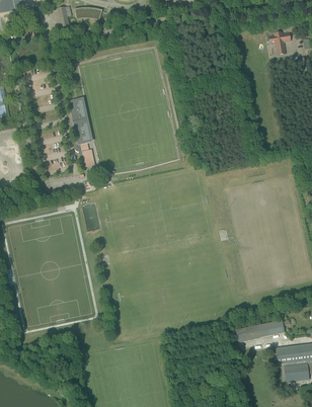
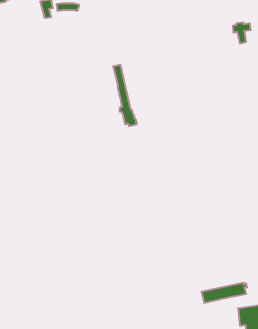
building: [69,97,95,165] -> [113,65,137,126]

